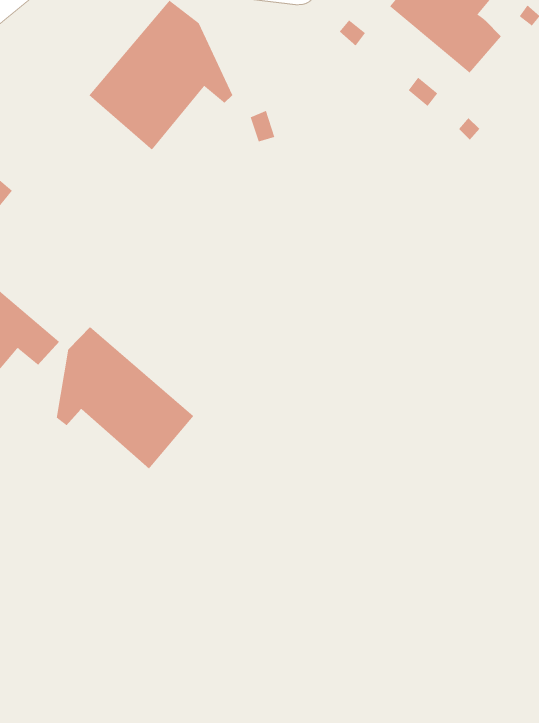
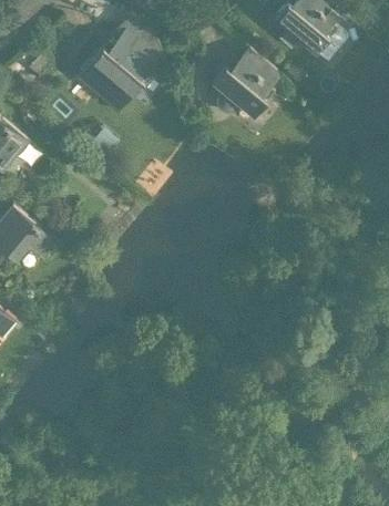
building: none -> [212,43,280,116]
building: [56,326,194,469] -> none

